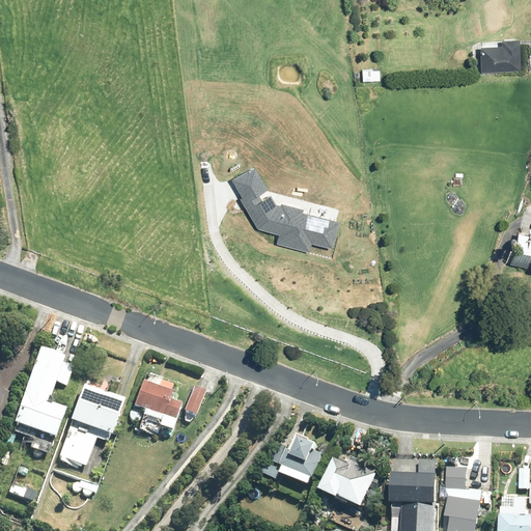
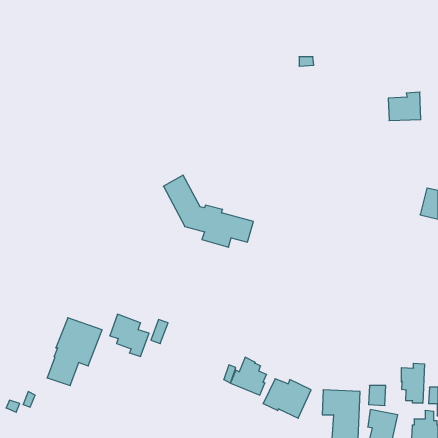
building: [479,38,519,73] -> [388,92,421,121]
building: [231,163,340,250] -> [163,175,253,247]
building: [10,347,63,439] -> none
building: none -> [401,363,424,403]

